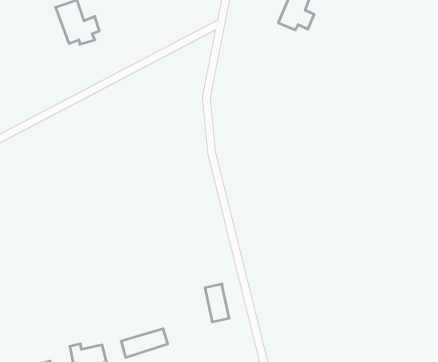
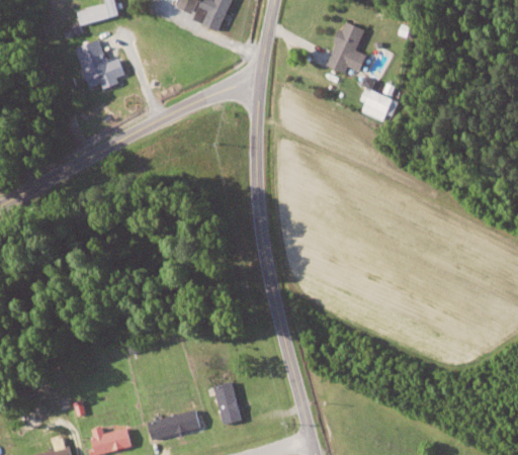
building: none -> [359,88,396,120]
building: [205,284,229,322] -> [213,382,241,425]

